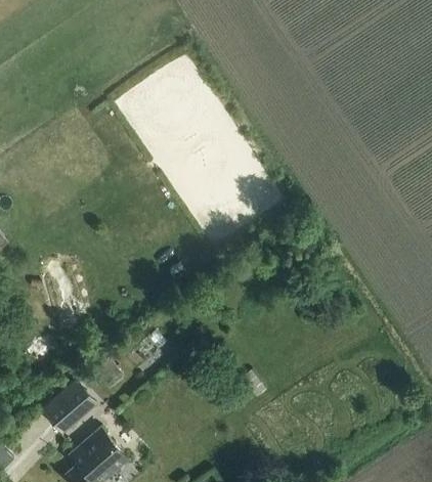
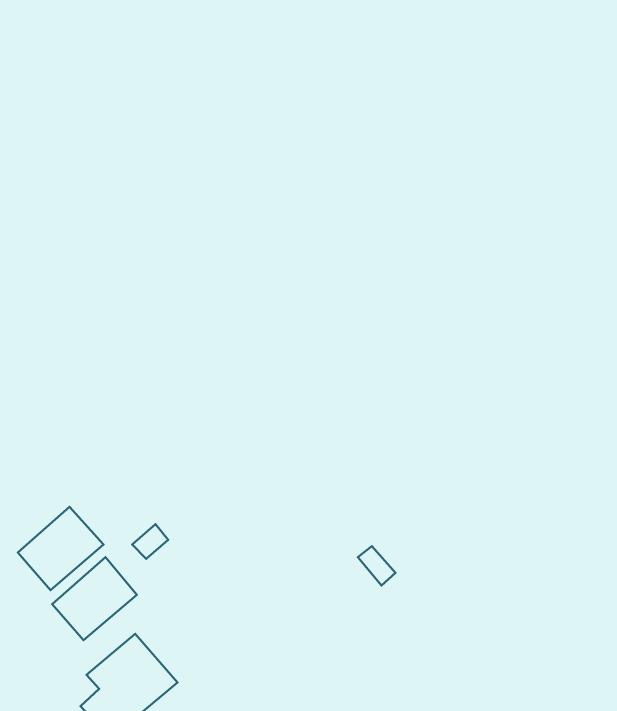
building: none -> [18,507,104,590]

